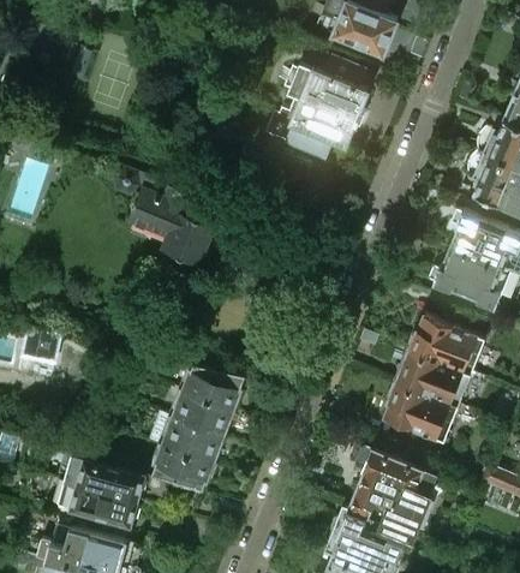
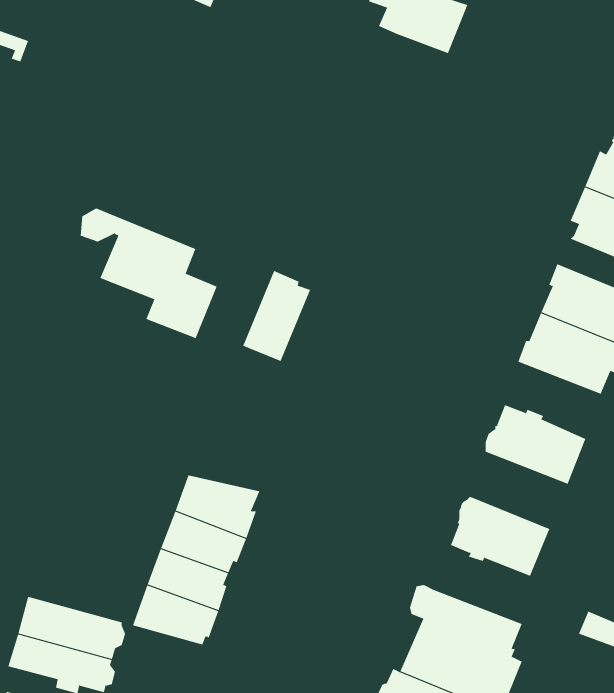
building: [285,58,367,161] -> none
building: none -> [242,270,311,362]
building: [398,351,470,407] -> none

